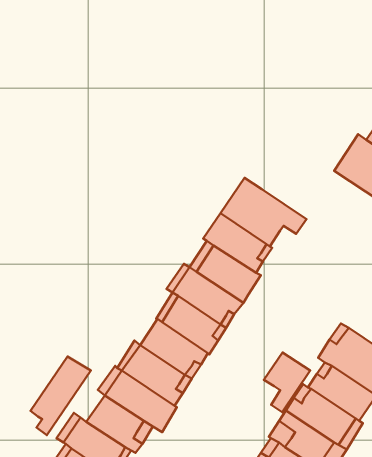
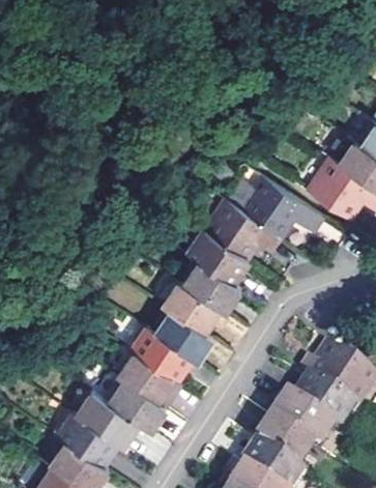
building: none -> [243,177,326,239]
building: [264,353,310,412] -> none
building: [30,356,91,435] -> none

